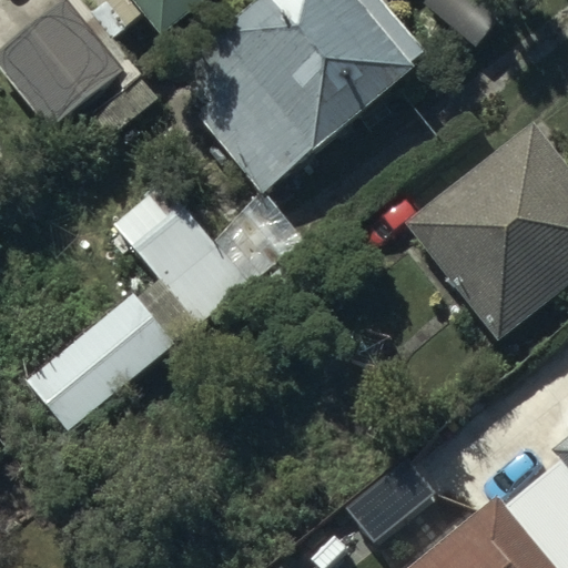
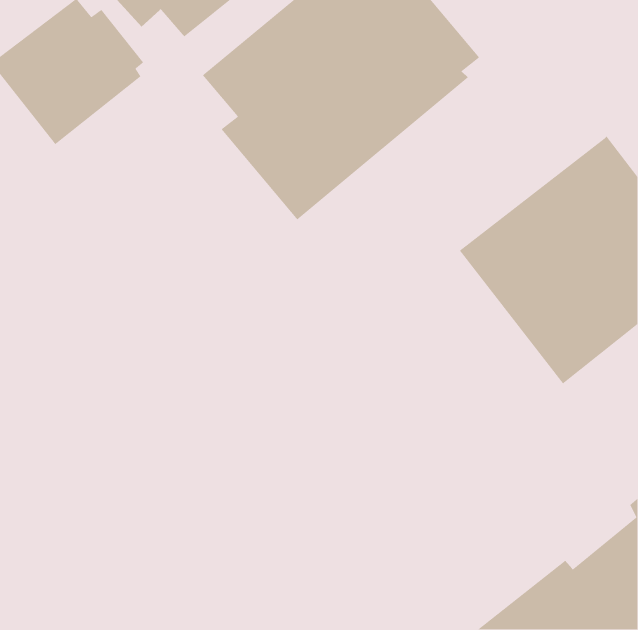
building: [28,180,304,432] -> none

